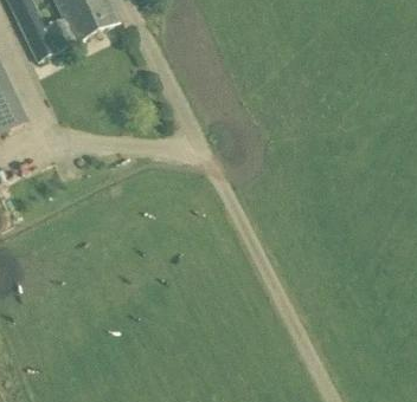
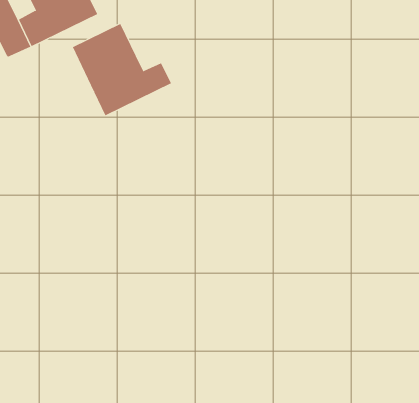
building: none -> [72,23,172,116]

